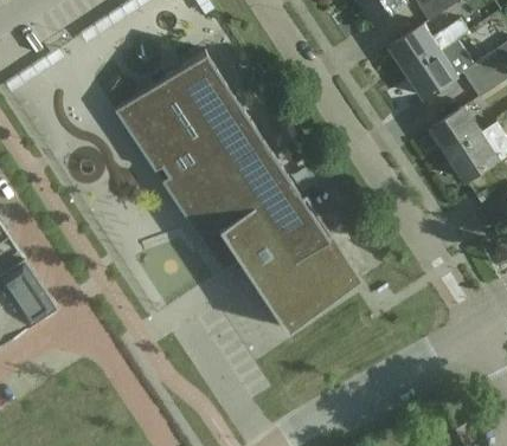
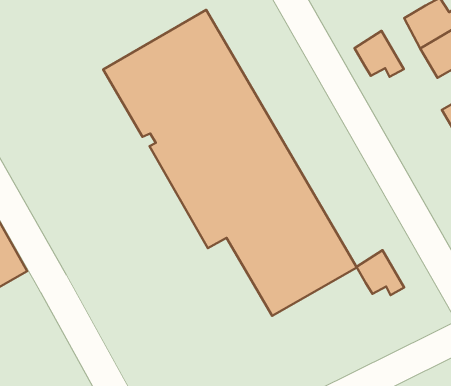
building: none -> [354,31,404,77]
building: none -> [356,250,404,295]

